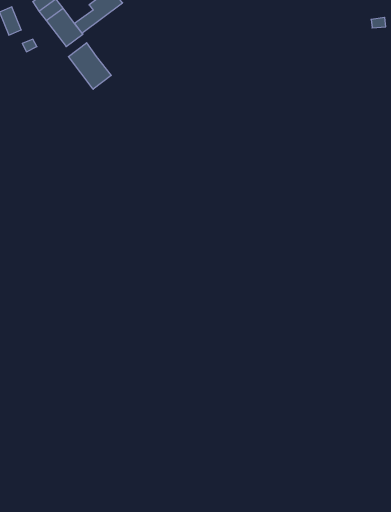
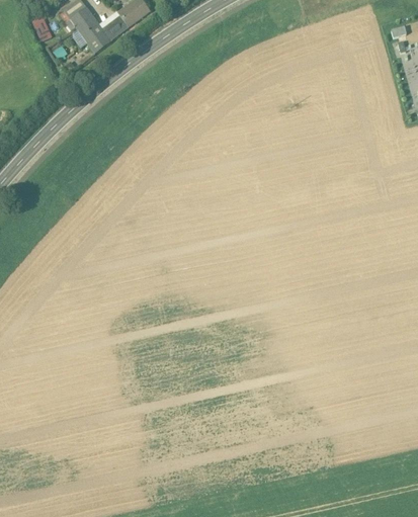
building: [68,43,111,89] -> none

